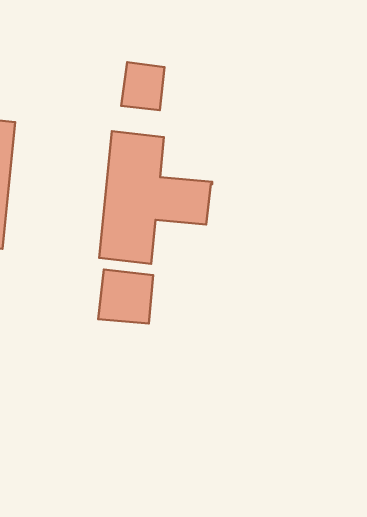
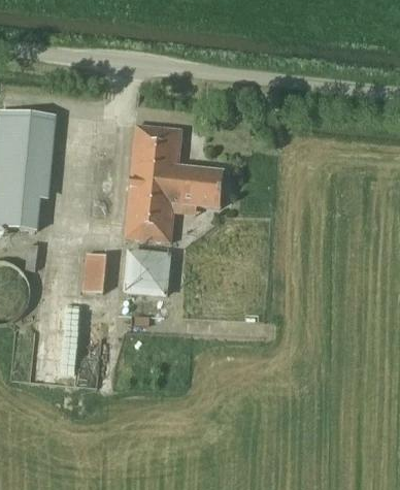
building: [121,62,165,110] -> none
building: none -> [84,253,107,293]

